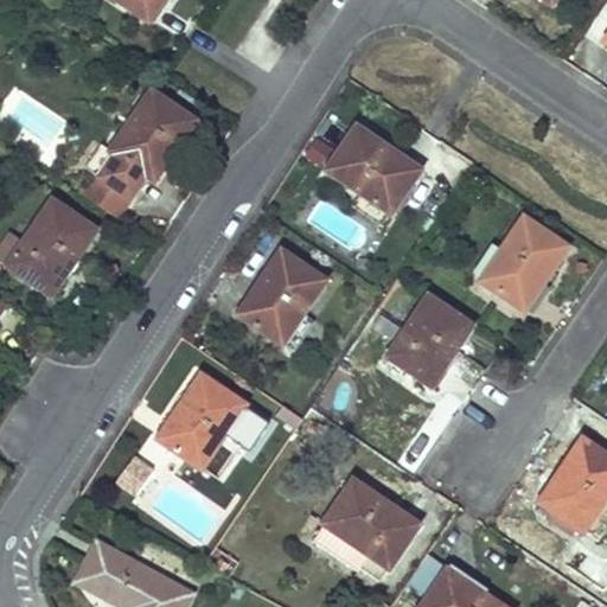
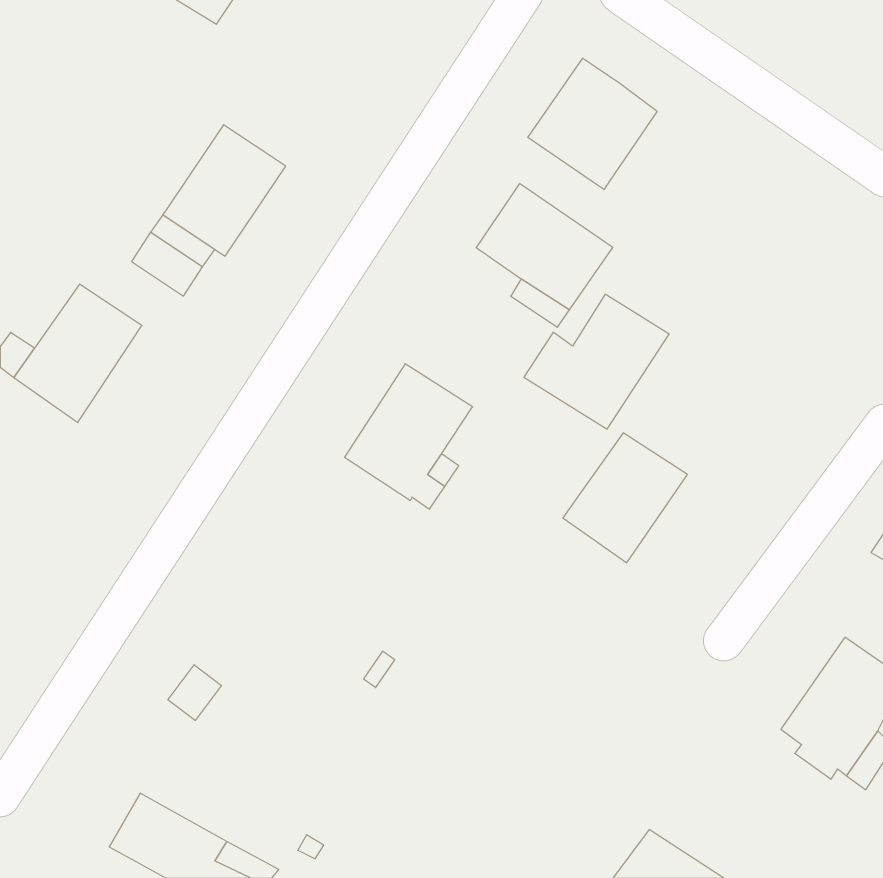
building: none -> [528,58,657,190]
building: [467,217,567,309] -> [524,294,669,429]
building: [160,376,247,477] -> none
building: [313,480,418,582] -> none

